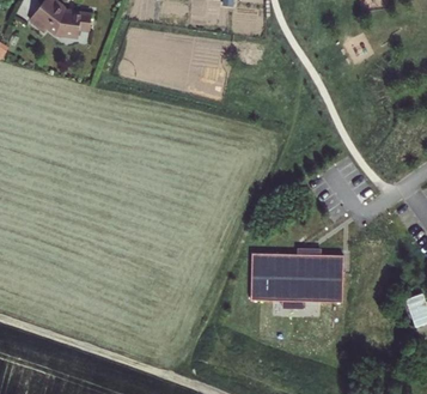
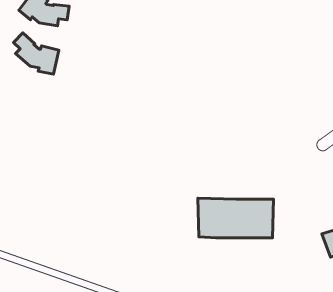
building: none -> [14,33,59,74]

